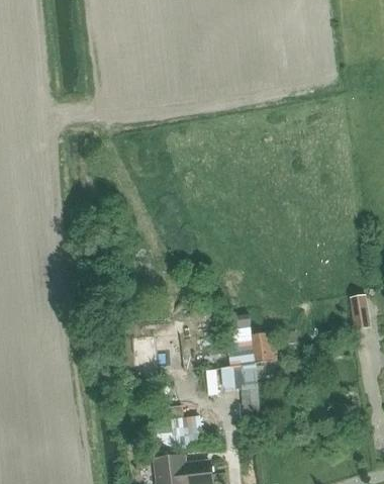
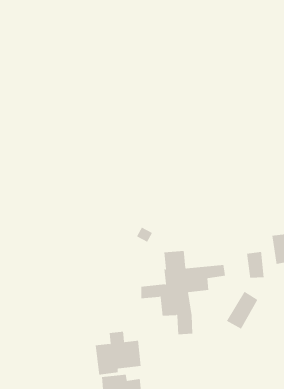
building: none -> [247,251,264,279]
building: none -> [226,291,258,330]

